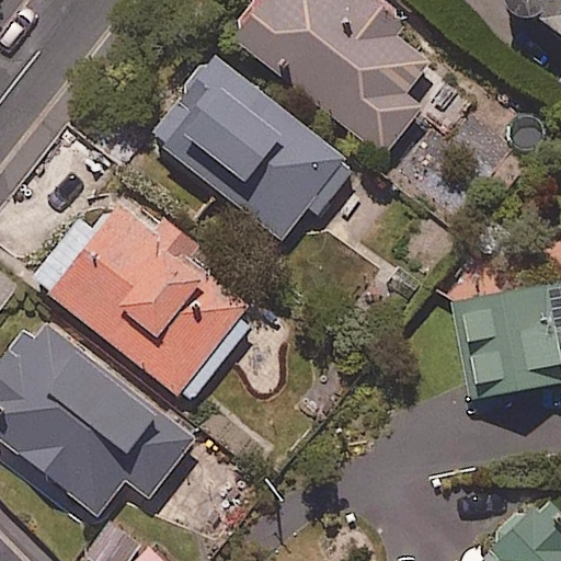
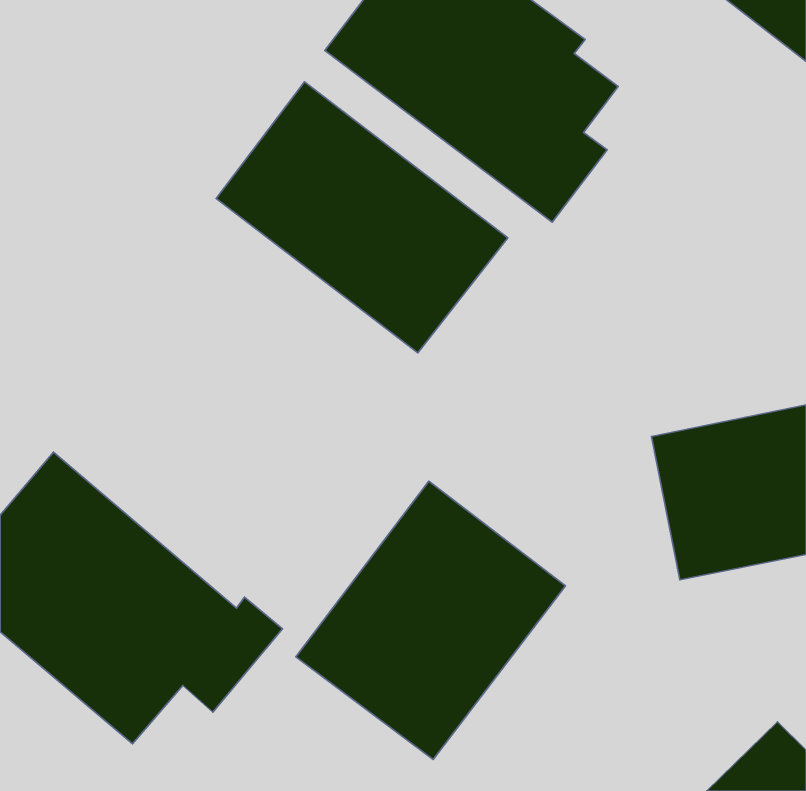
building: [47,204,245,398] -> none
building: none -> [296,481,566,759]

